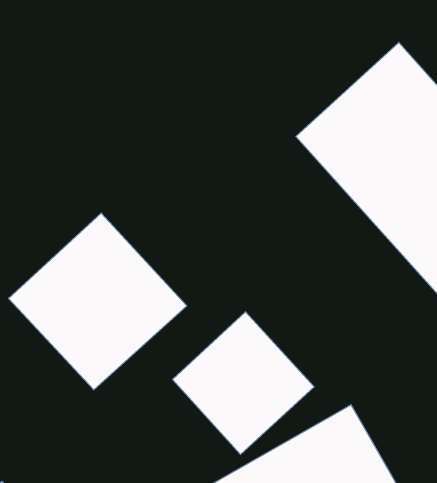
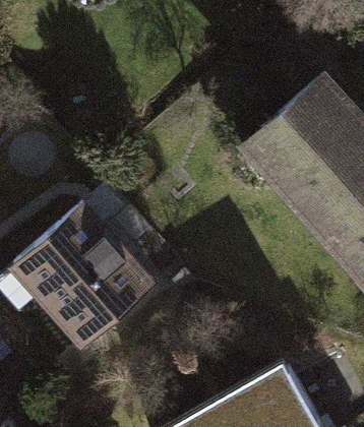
building: [173,312,314,454] -> none

